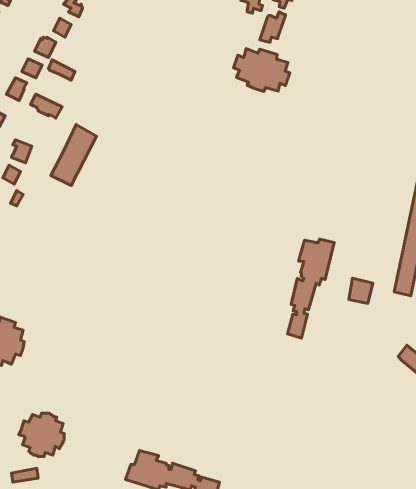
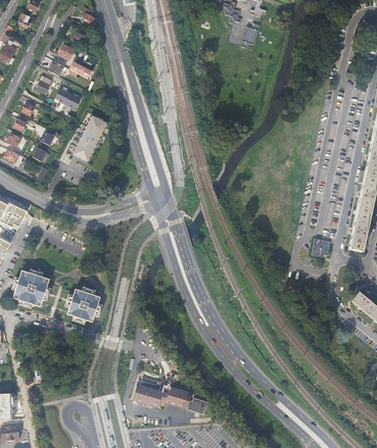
building: [234,48,290,92] -> none
building: [288,239,334,338] -> none
building: [19,413,64,456] -> [64,288,101,322]

